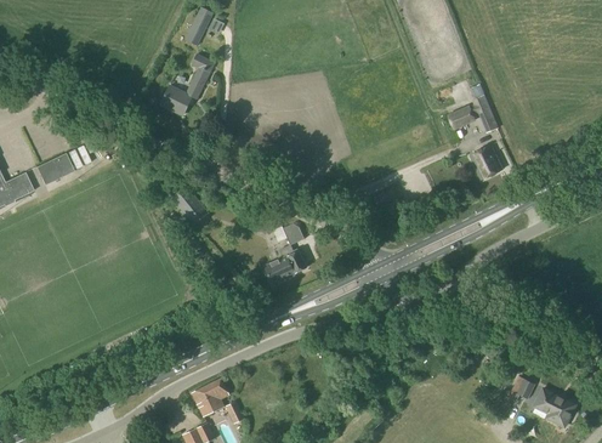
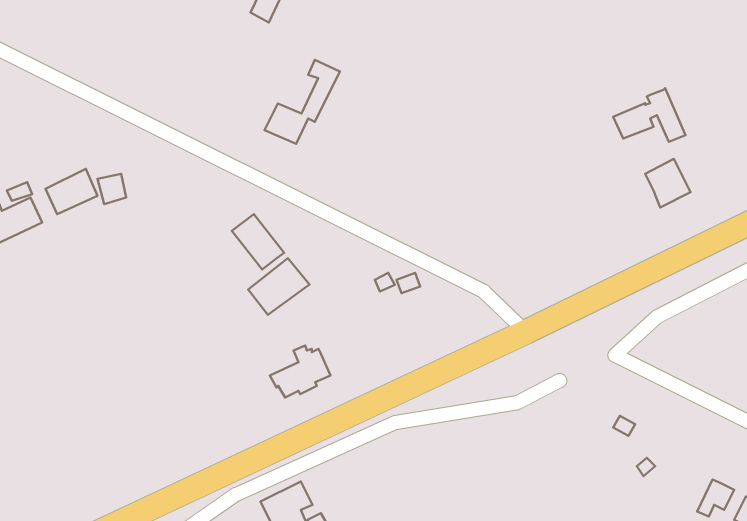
building: [160,53,215,114] -> [264,60,340,144]
building: none -> [248,258,309,315]
building: [262,245,306,283] -> [270,345,330,397]

